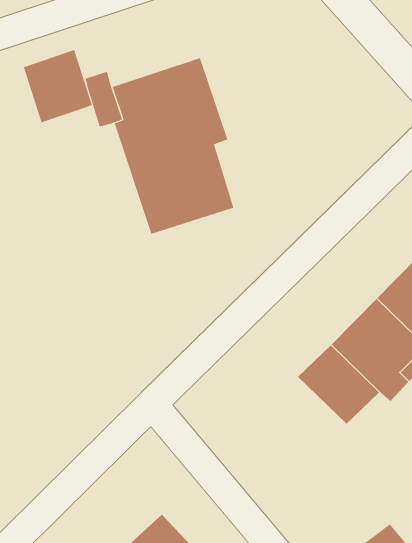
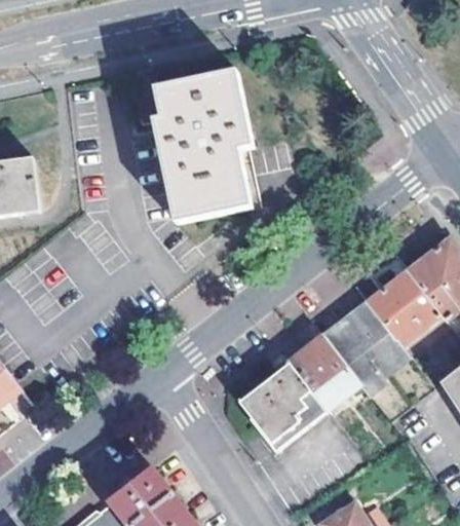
building: [23,49,92,123] -> none
building: none -> [238,363,327,450]

